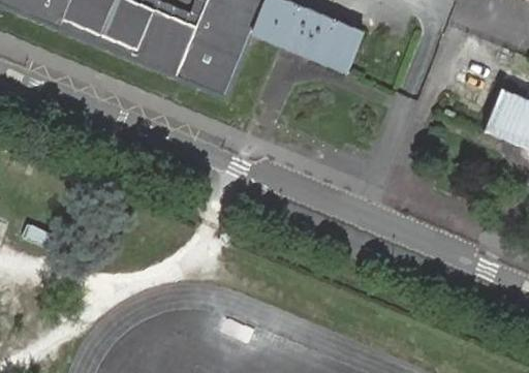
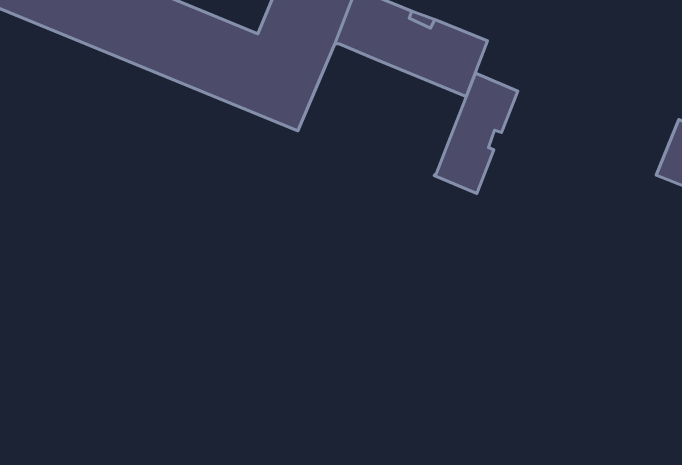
building: none -> [434,73,518,193]

